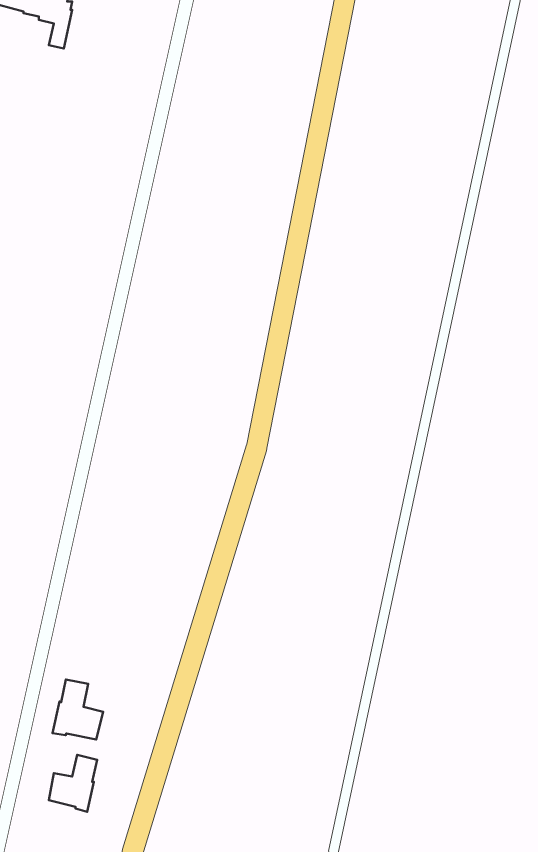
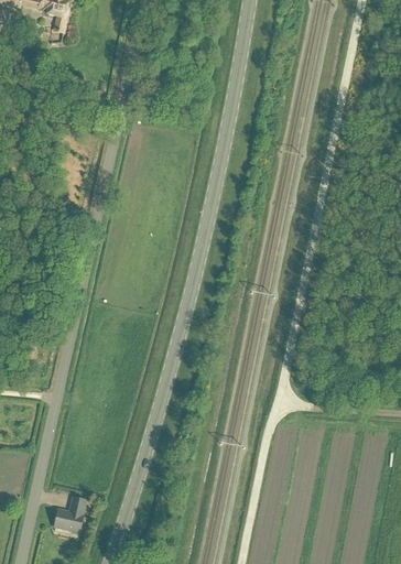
building: [52,680,103,739] -> none

